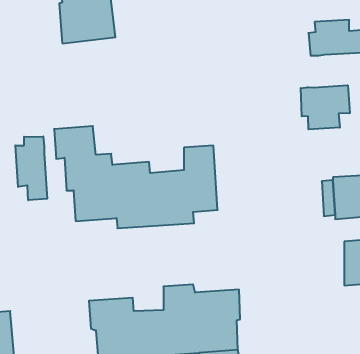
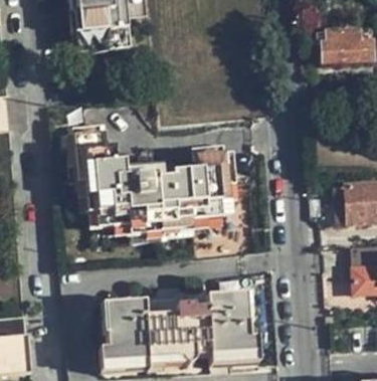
building: [301,85,350,129] -> none
building: [15,136,47,200] -> none

